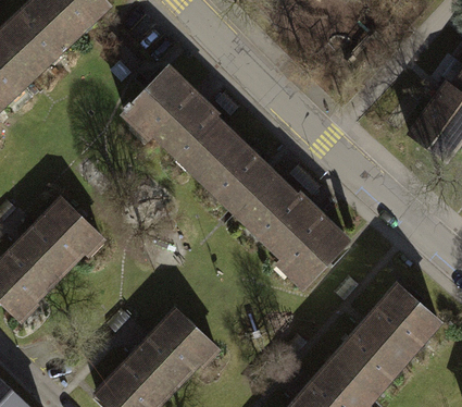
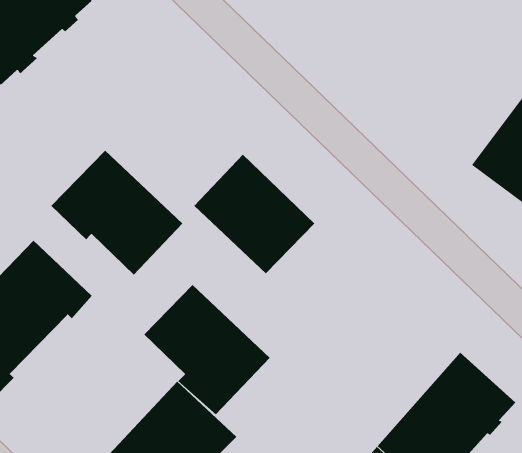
building: [120,67,225,168] -> [51,150,183,276]
building: [244,182,345,286] -> [143,284,271,415]

